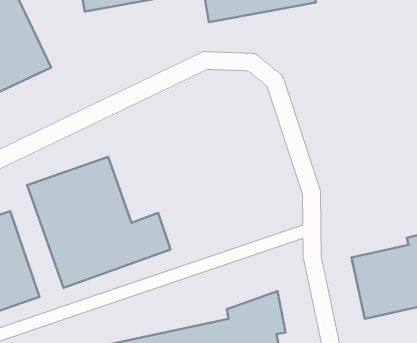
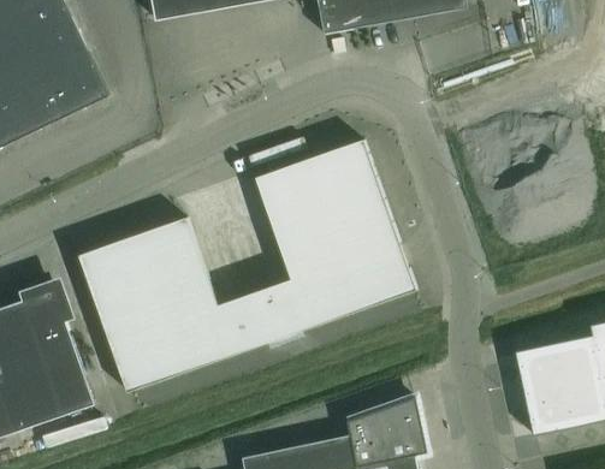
building: none -> [254,139,416,342]

